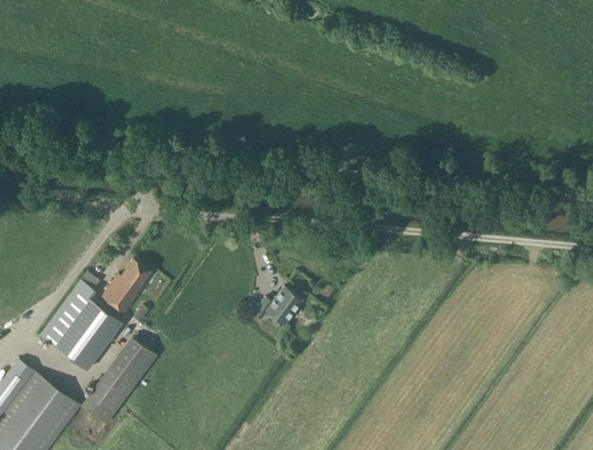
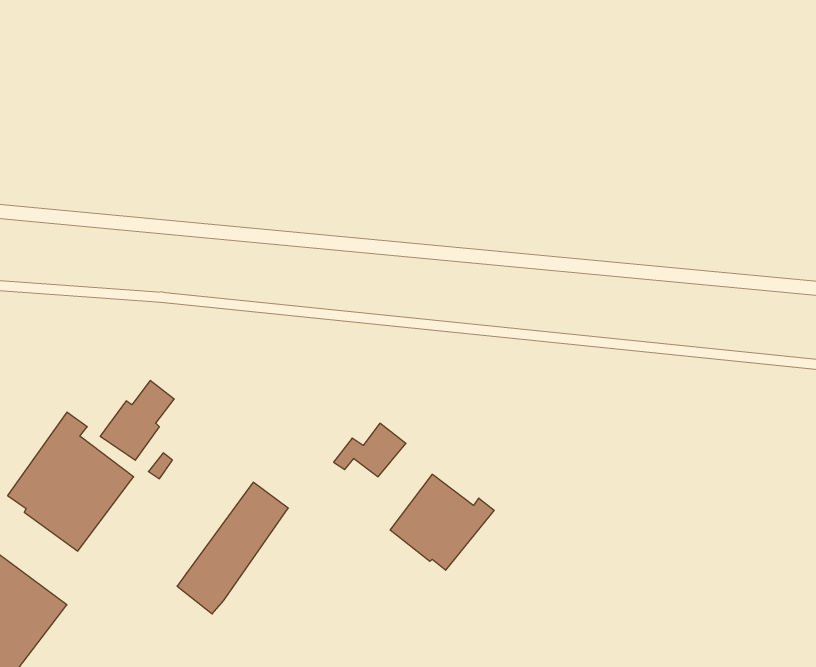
building: none -> [390,474,494,570]
building: [82,338,155,425] -> [177,482,288,614]

